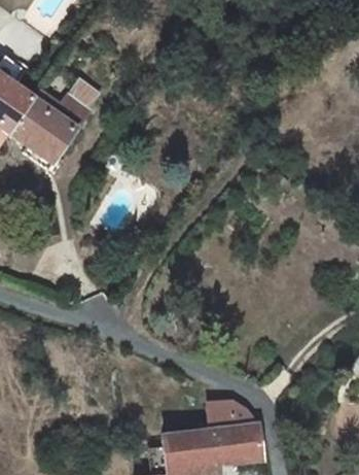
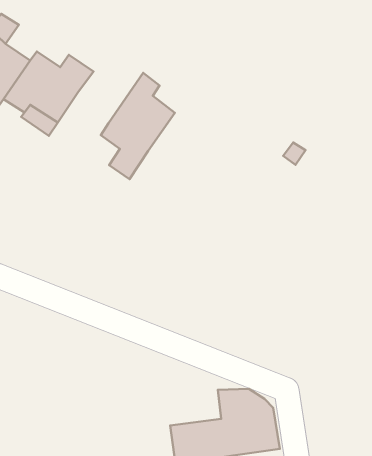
building: none -> [101,73,175,179]

